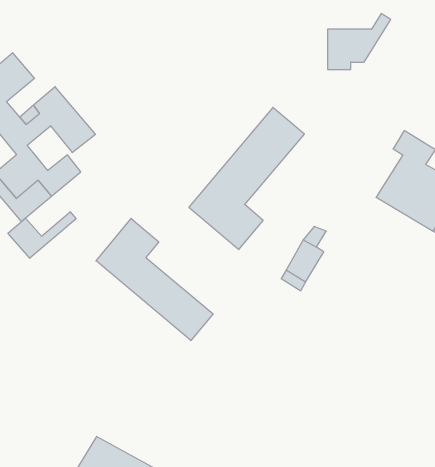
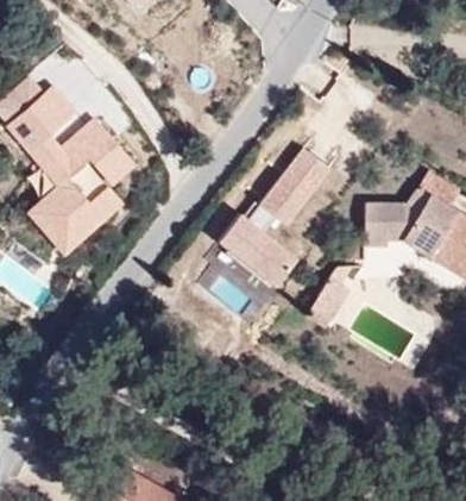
building: [328,14,391,69] -> [370,187,432,242]
building: [8,212,76,258] -> none
building: [96,218,213,341] -> none

